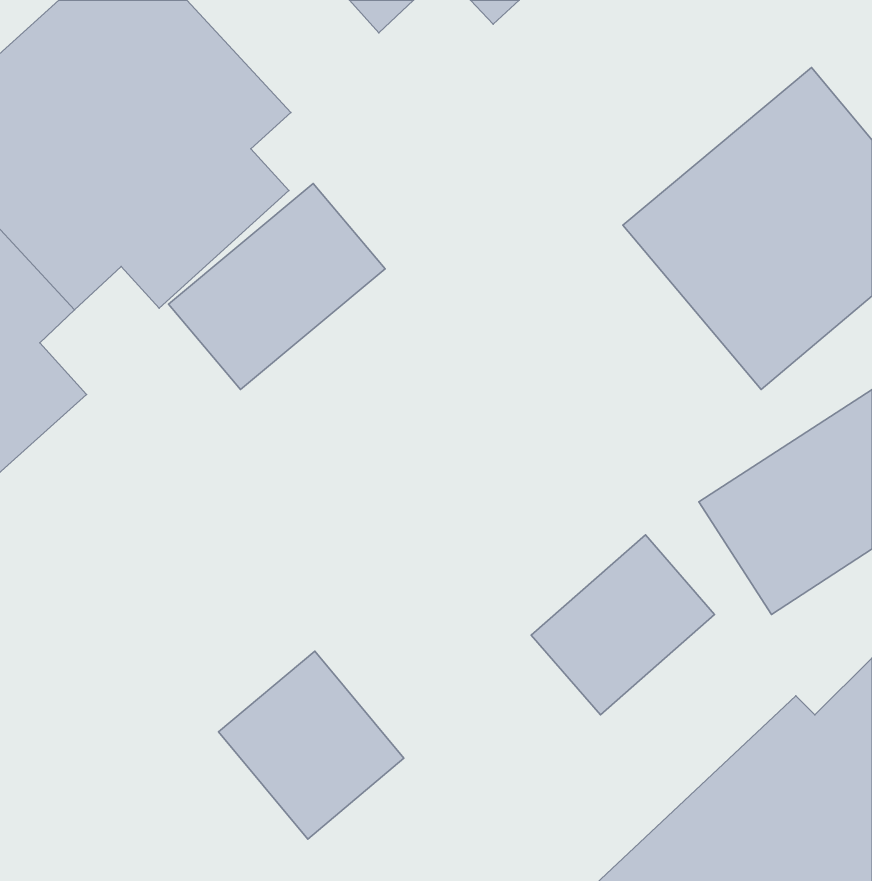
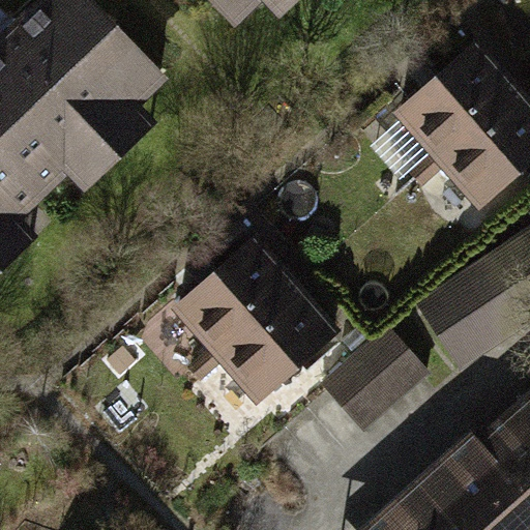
building: [169,183,385,389] -> none
building: none -> [150,230,348,424]
building: [219,651,404,839] -> none

